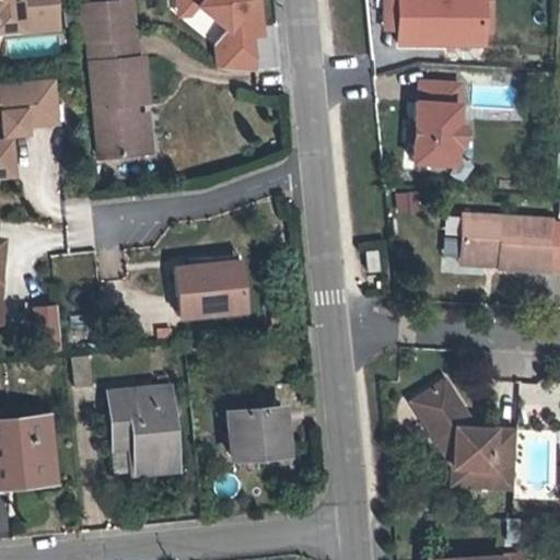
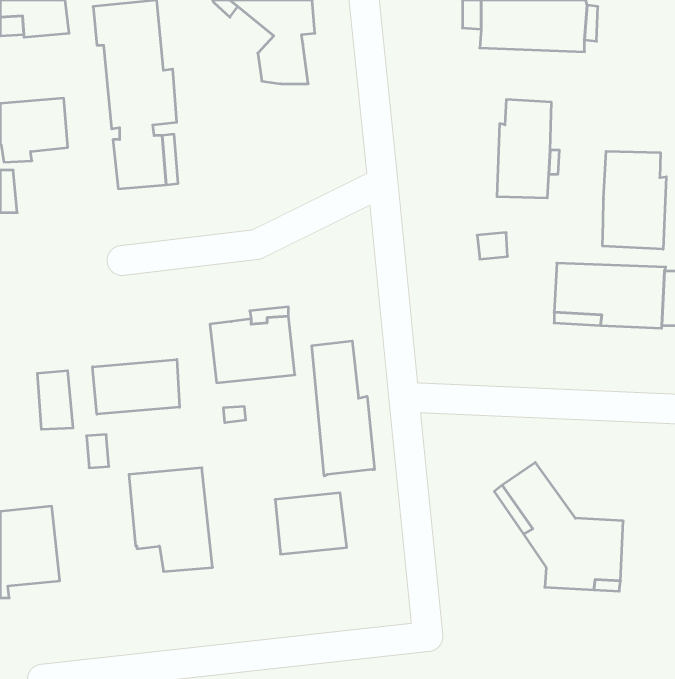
building: none -> [603,151,666,249]
building: none -> [312,341,374,476]
building: none -> [93,359,180,414]

